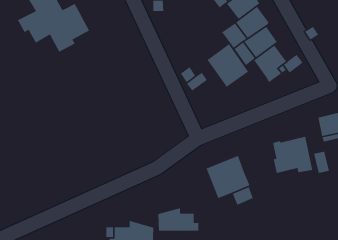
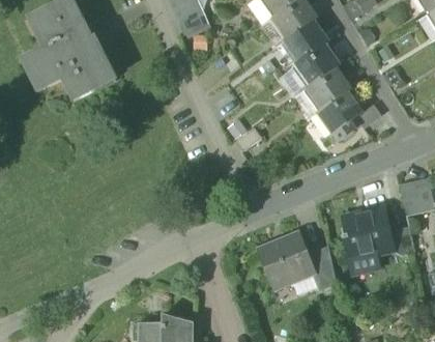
building: [206,43,249,88] -> none
building: none -> [309,244,337,287]
building: none -> [348,248,379,273]
building: [157,207,199,232] -> none

